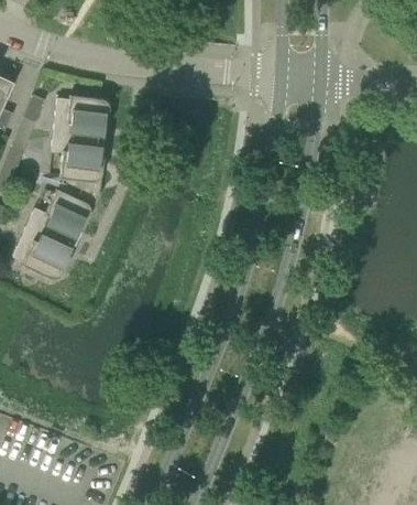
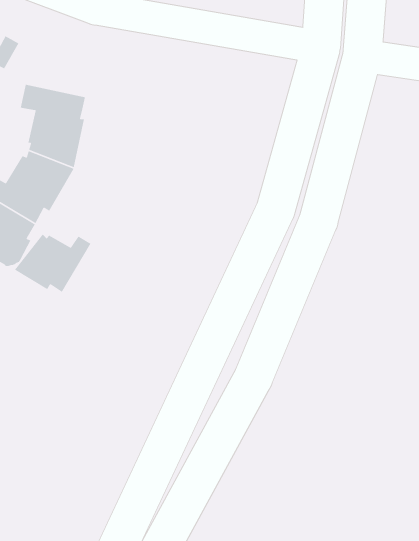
building: [54,95,110,138] -> none
building: none -> [13,234,91,293]

